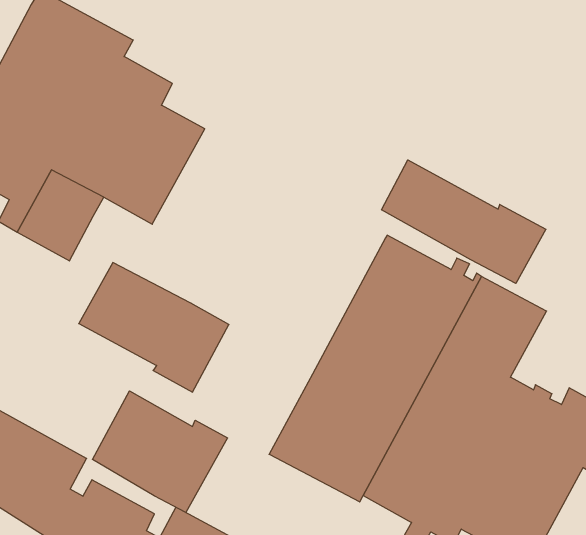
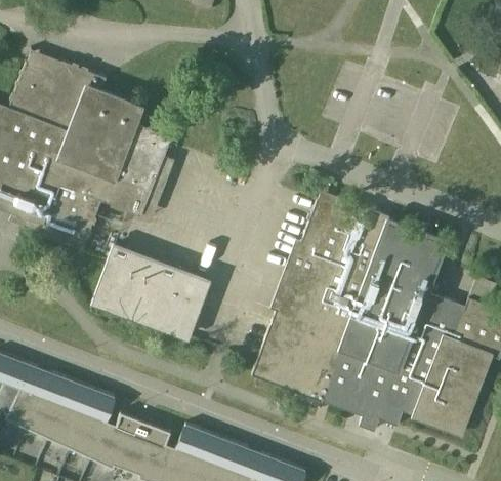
building: [382,160,546,283] -> none
building: [92,391,228,513] -> none

